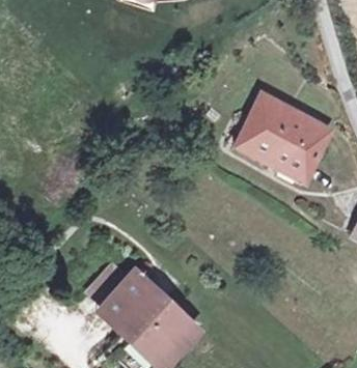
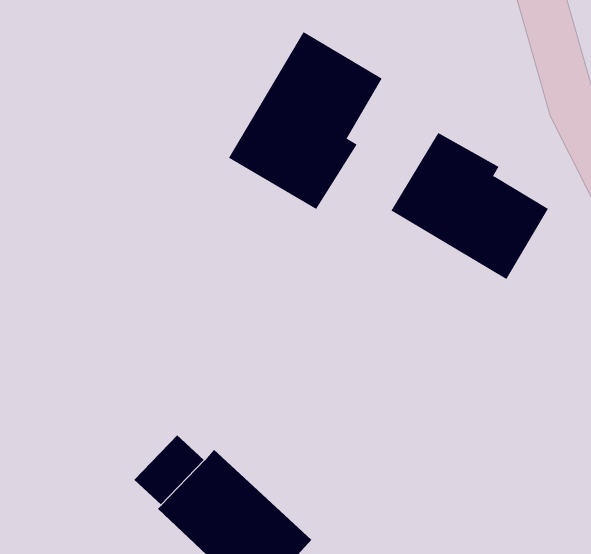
building: none -> [228,31,383,210]

